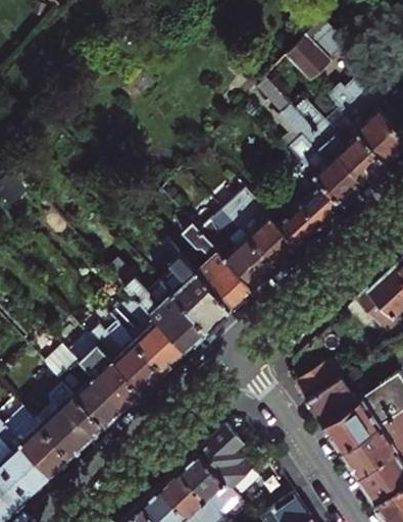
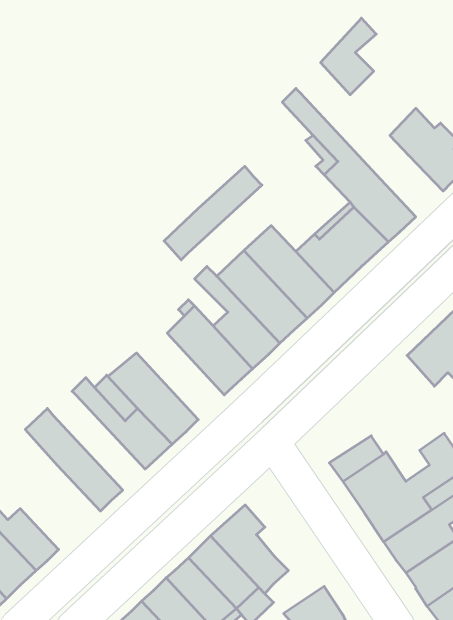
building: [339,136,390,187] -> none
building: none -> [164,166,262,260]
building: [137,278,209,354] -> none
building: [68,333,144,412] -> none
building: [41,392,107,461] -> none

